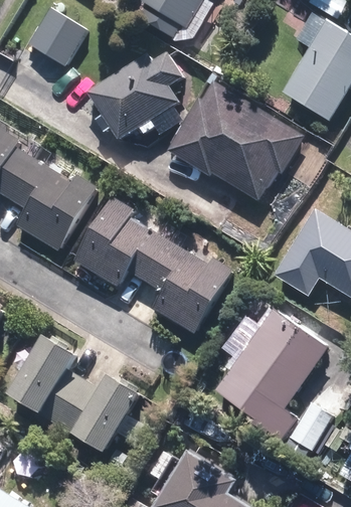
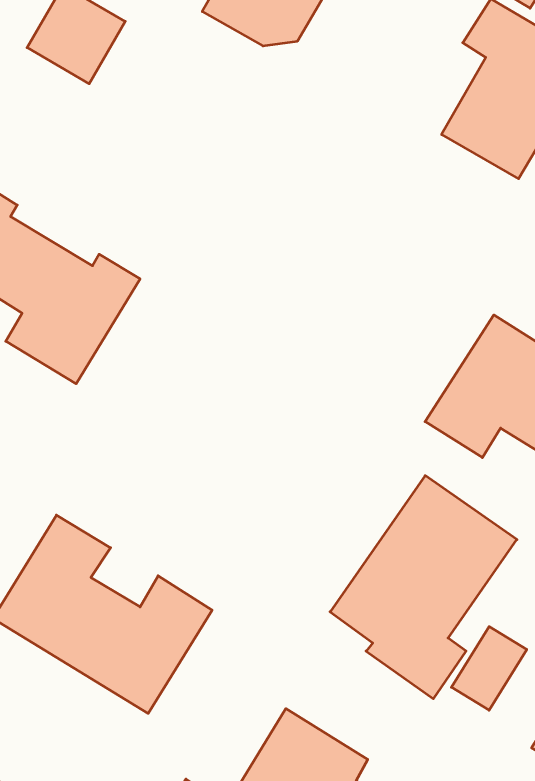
building: [86,51,185,142] -> none
building: [167,79,302,203] -> none
building: [74,197,235,335] -> none

